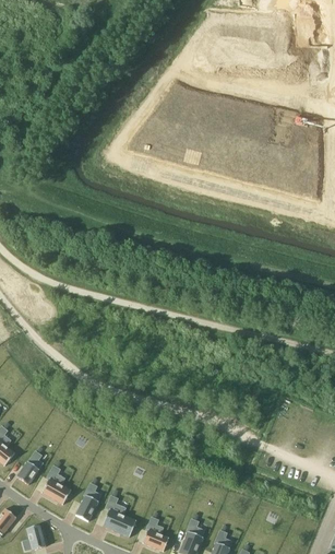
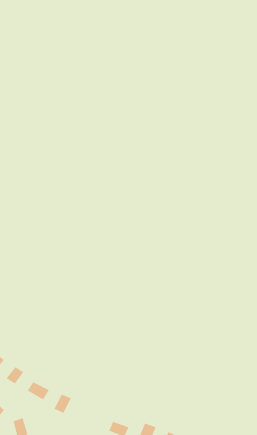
building: [103,508,136,537] -> none

